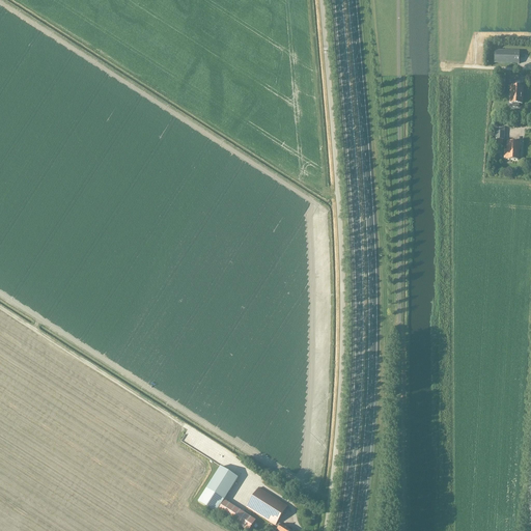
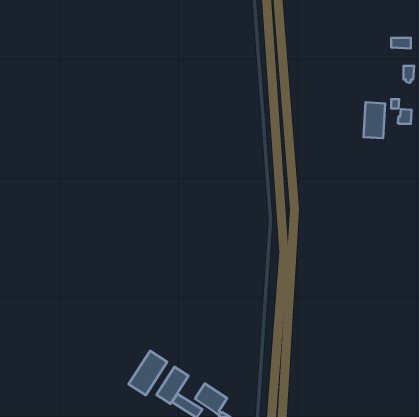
building: none -> [364,102,385,138]
building: none -> [129,351,167,395]

